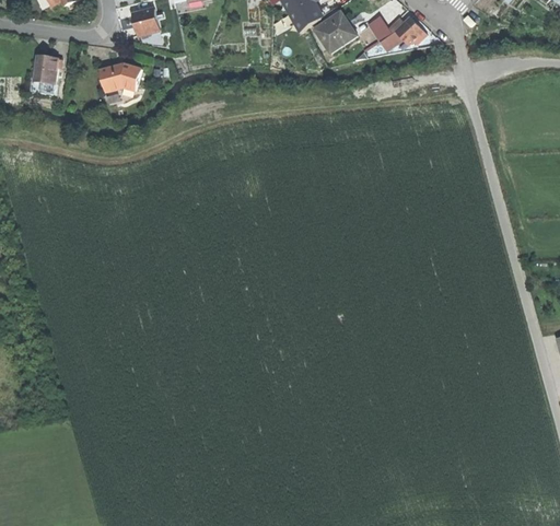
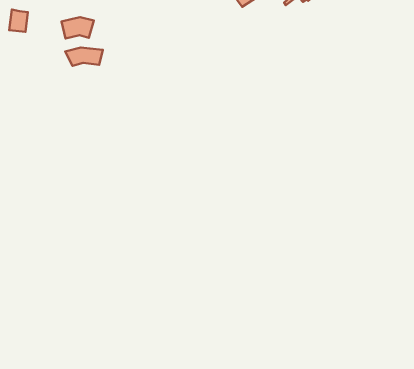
building: none -> [65,47,103,66]

